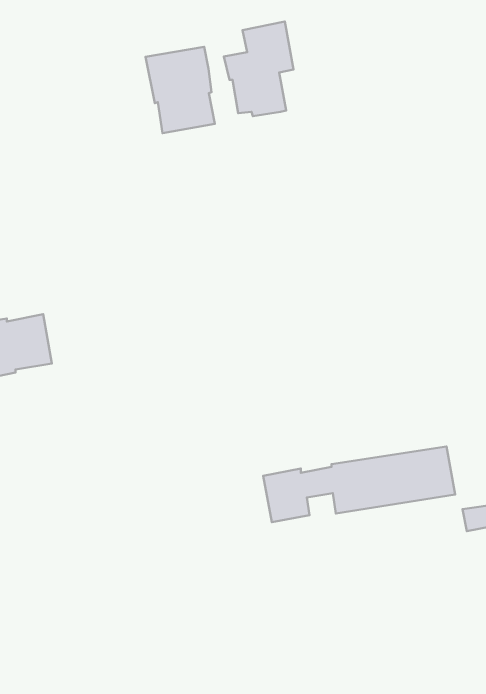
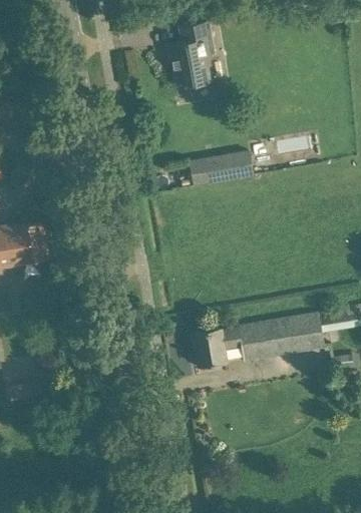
building: [145,47,215,133] -> none
building: none -> [189,149,255,185]

